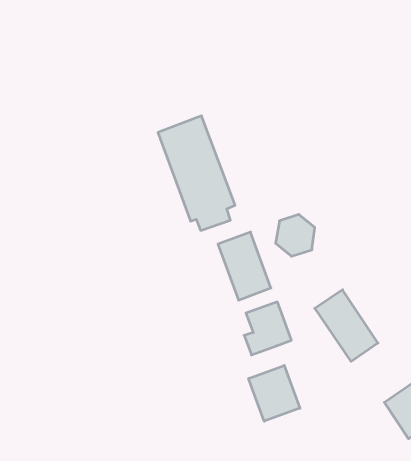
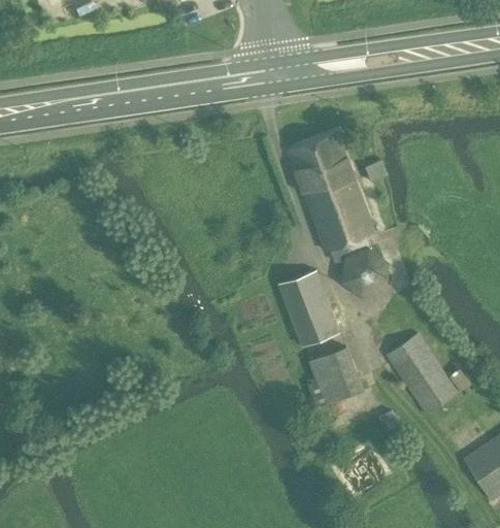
building: [158,116,235,230] -> [289,132,374,259]
building: [249,365,300,421] -> none

